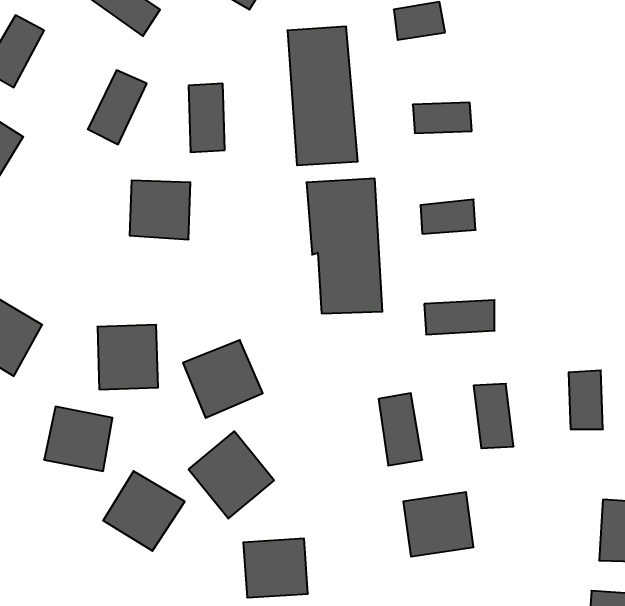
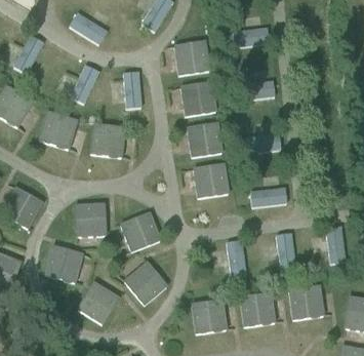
building: none -> [38,112,77,148]
building: none -> [287,285,325,319]
building: [243,539,308,597] -> [191,300,226,331]

